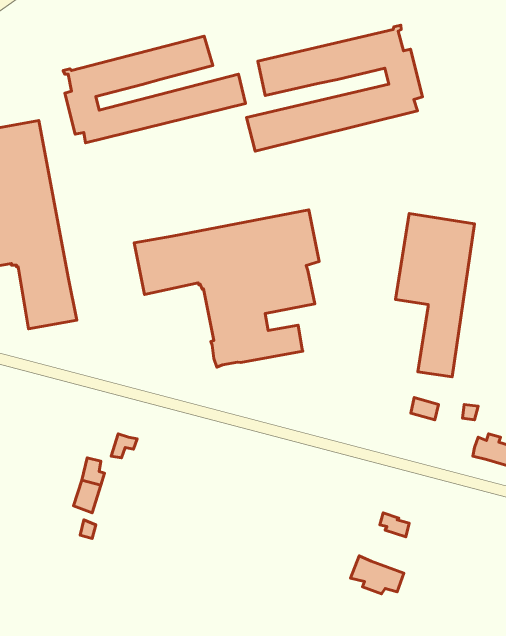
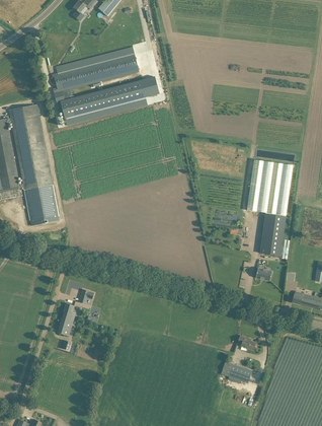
building: [246,25,422,151] -> none
building: [134,210,319,367] -> none

